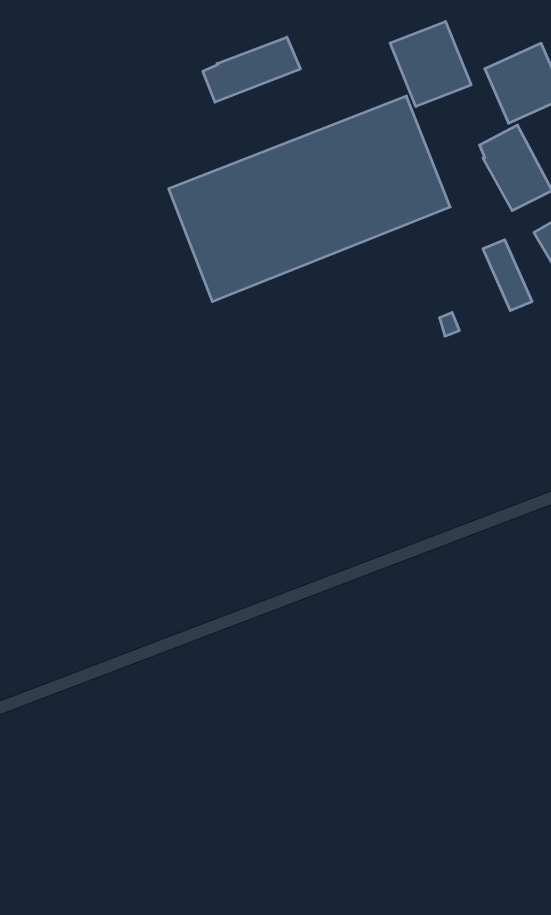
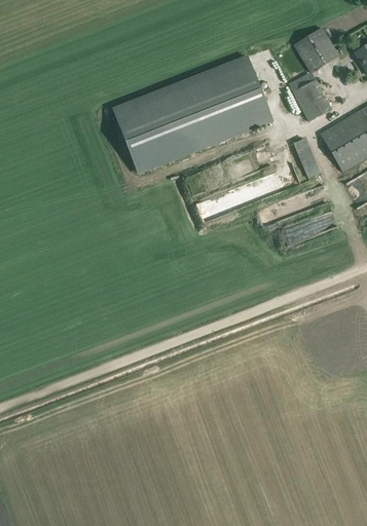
building: [390,21,471,107] -> none
building: [203,37,300,102] -> none

